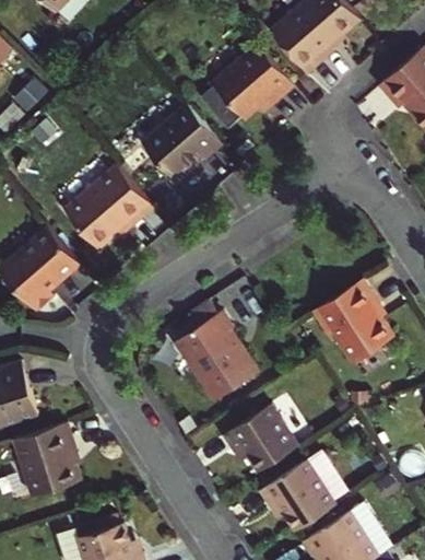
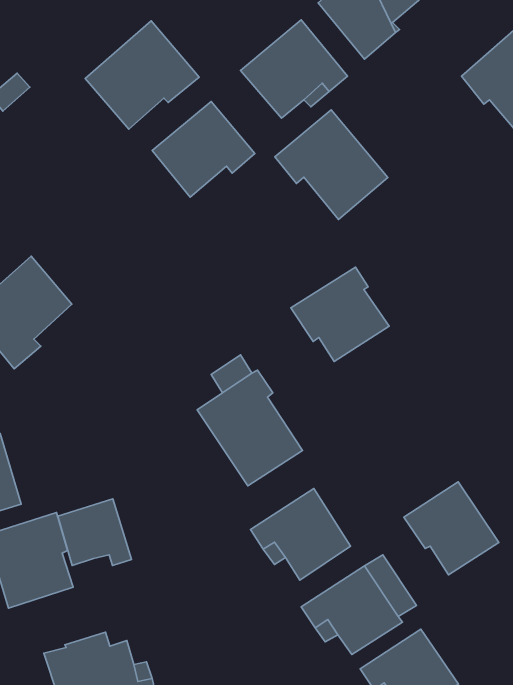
building: none -> [275,110,388,220]
building: [64,163,153,247] -> [85,21,199,129]
building: [314,279,390,352] -> [291,267,389,361]
building: none -> [404,482,499,575]
building: none -> [58,499,131,565]

